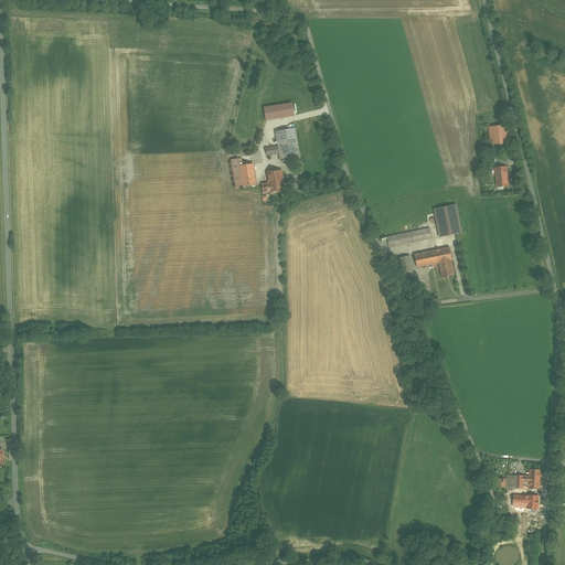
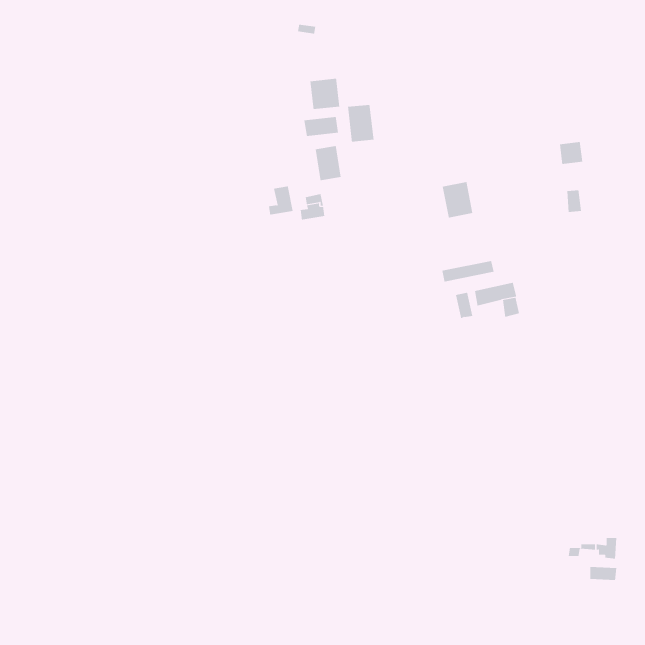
building: none -> [310,78,340,110]
building: none -> [347,104,374,142]
building: [433,204,460,236] -> [442,181,473,218]

